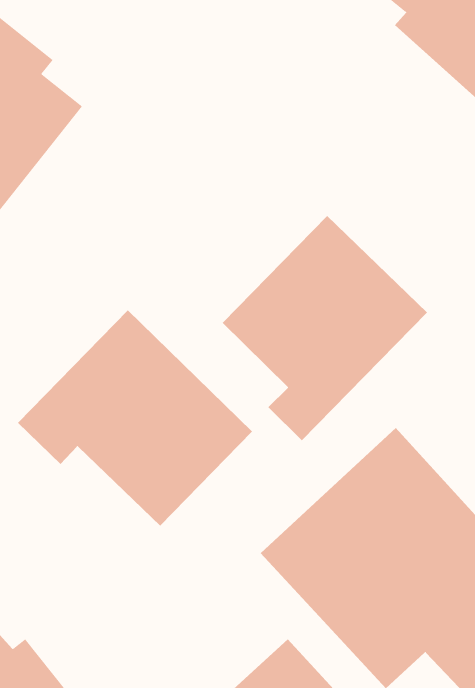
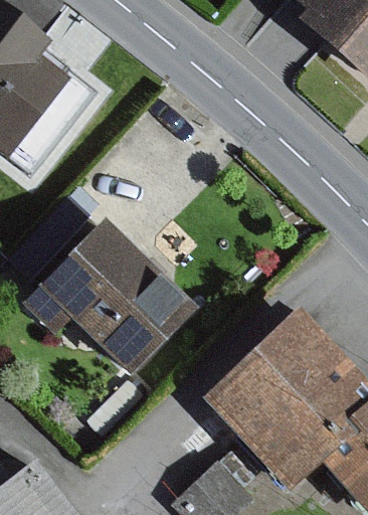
building: [222,215,428,441] -> none

